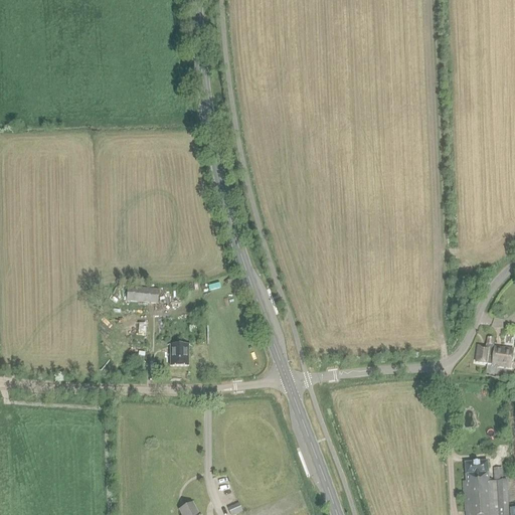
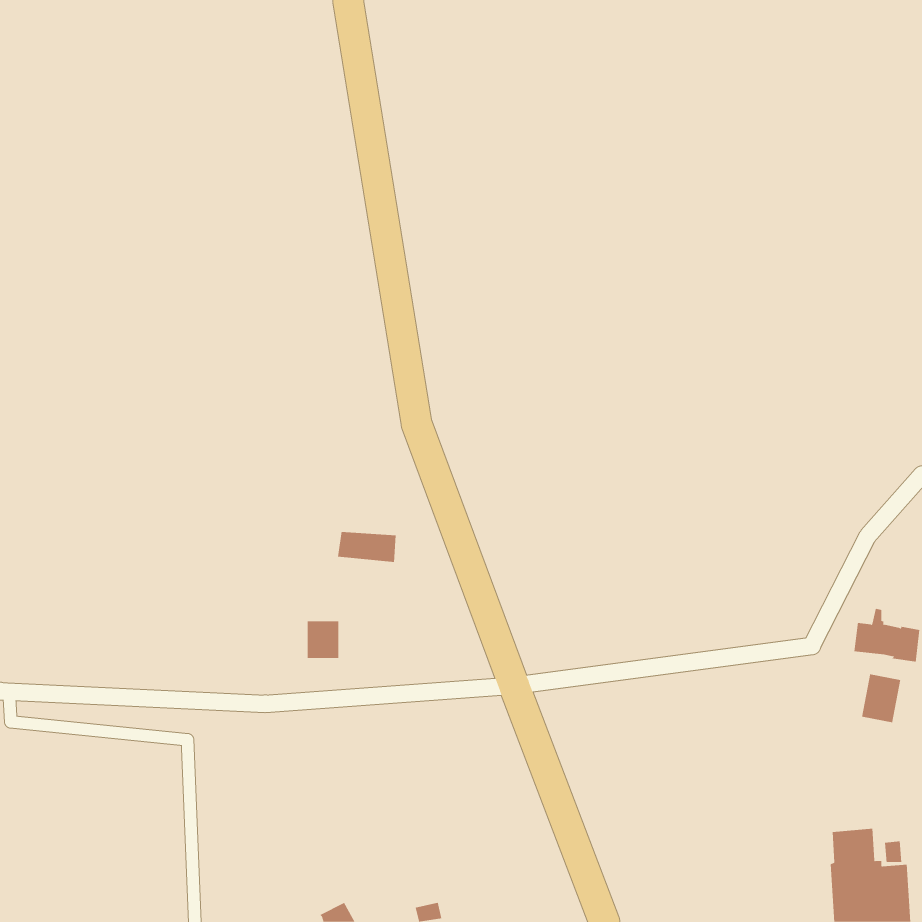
building: [126,288,159,305] -> [337,532,397,562]
building: none -> [862,674,901,723]

